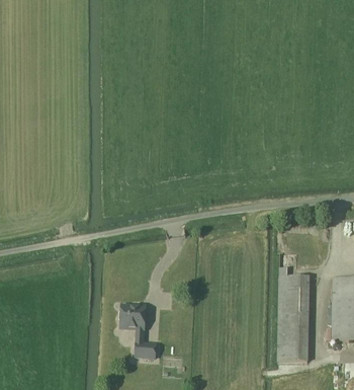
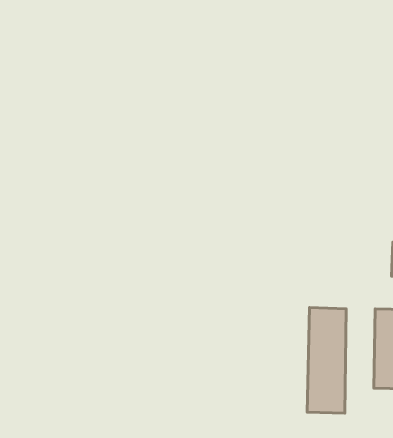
building: [121,304,157,356] -> none

